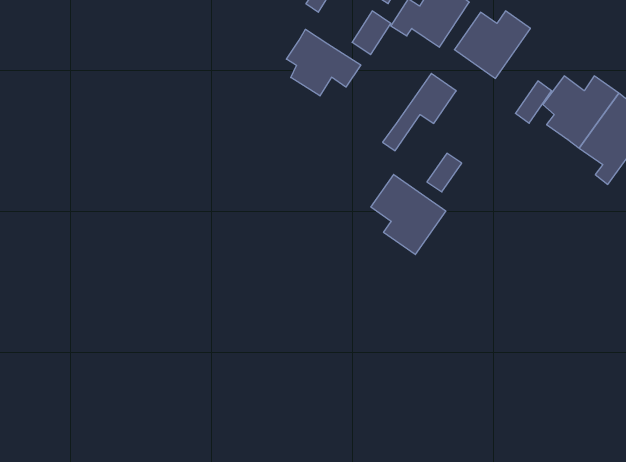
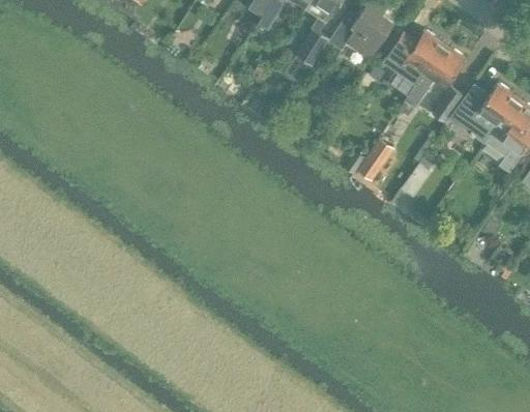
building: [286,29,361,96] -> none
building: [383,73,456,151] -> [404,45,465,109]
building: [371,174,446,255] -> none

